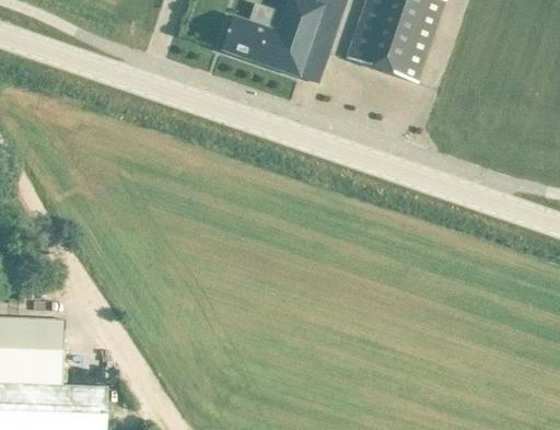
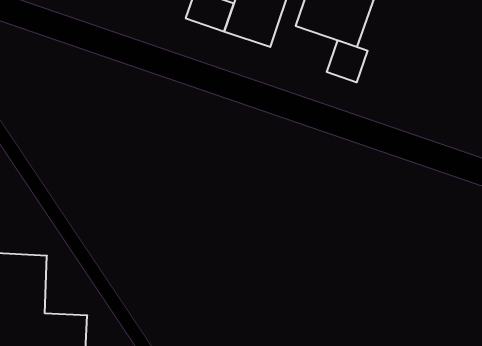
building: none -> [327,40,368,82]

